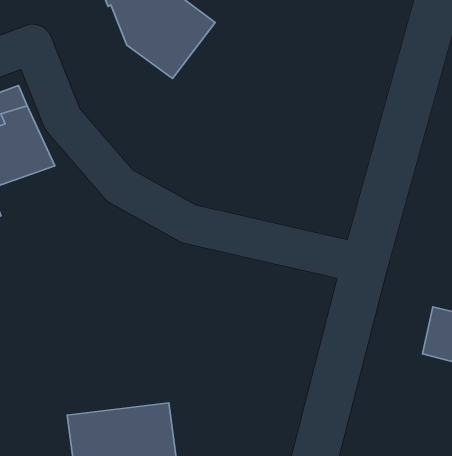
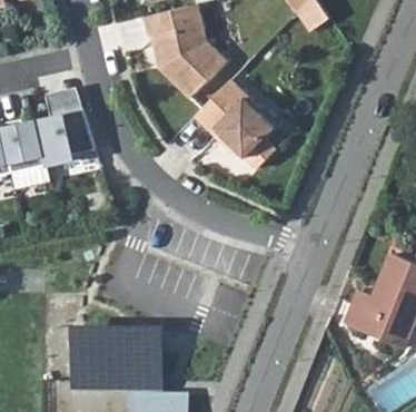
building: none -> [195,78,277,168]

